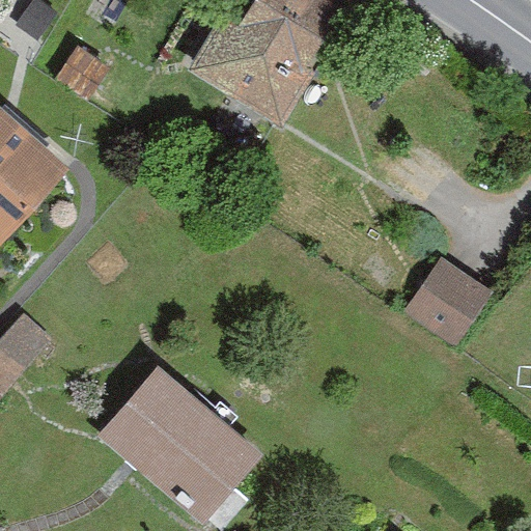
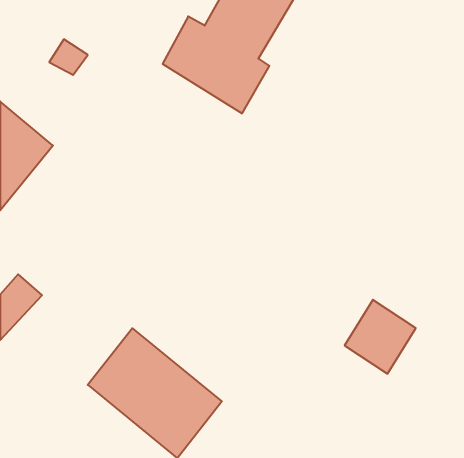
building: [408,257,488,341] -> [345,300,416,374]

